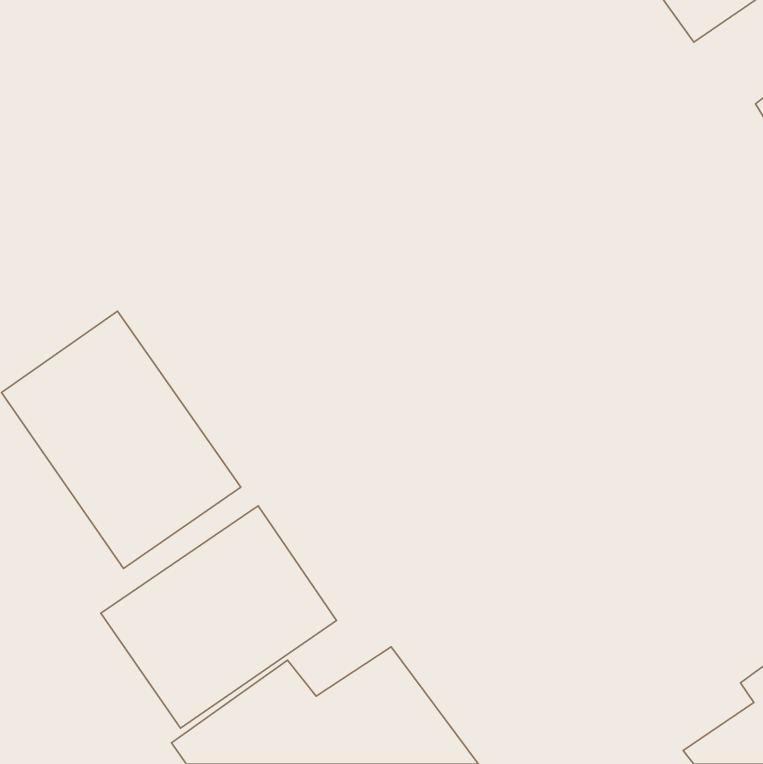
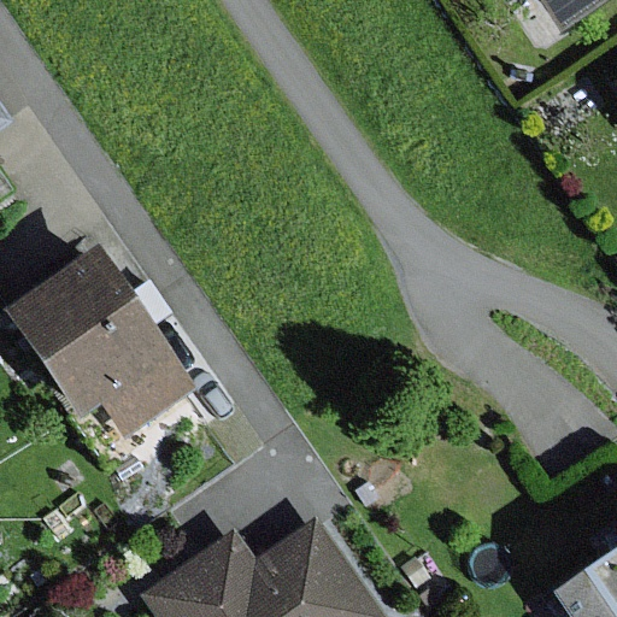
building: [101,506,336,728] -> none

